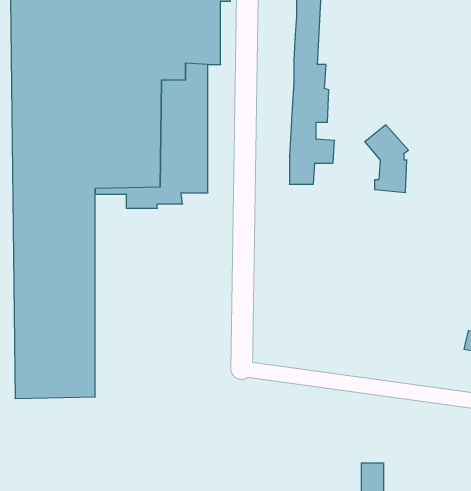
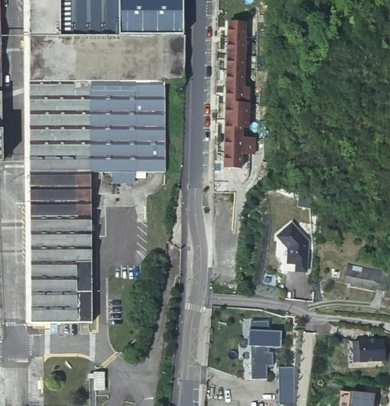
building: [365,125,408,192] -> [280,223,311,271]
building: none -> [247,319,281,377]

